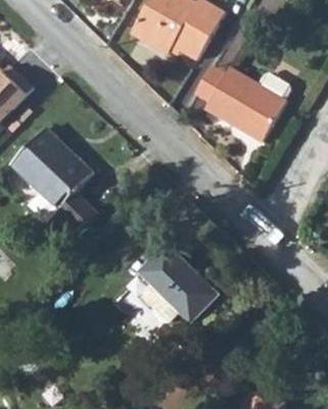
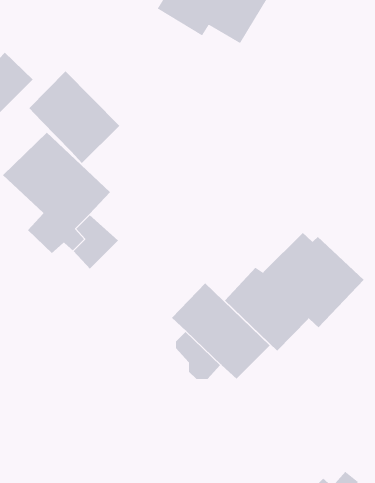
building: [203,69,288,141] -> none
building: none -> [29,70,120,164]
building: none -> [224,232,365,352]

